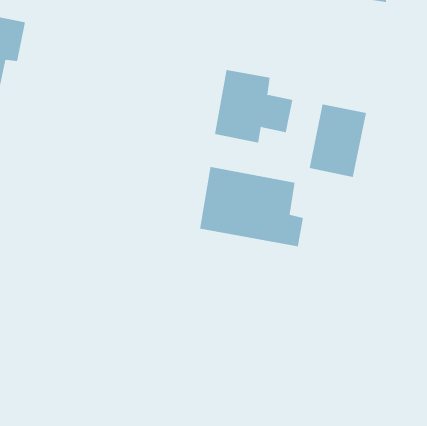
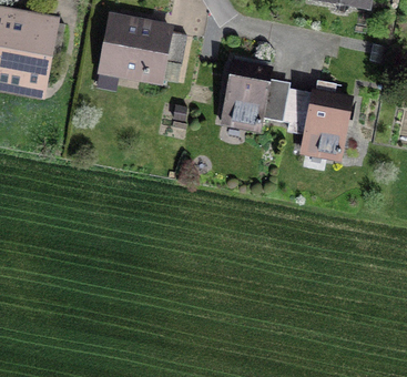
building: none -> [106,20,187,79]
building: [199,166,303,247] -> none

